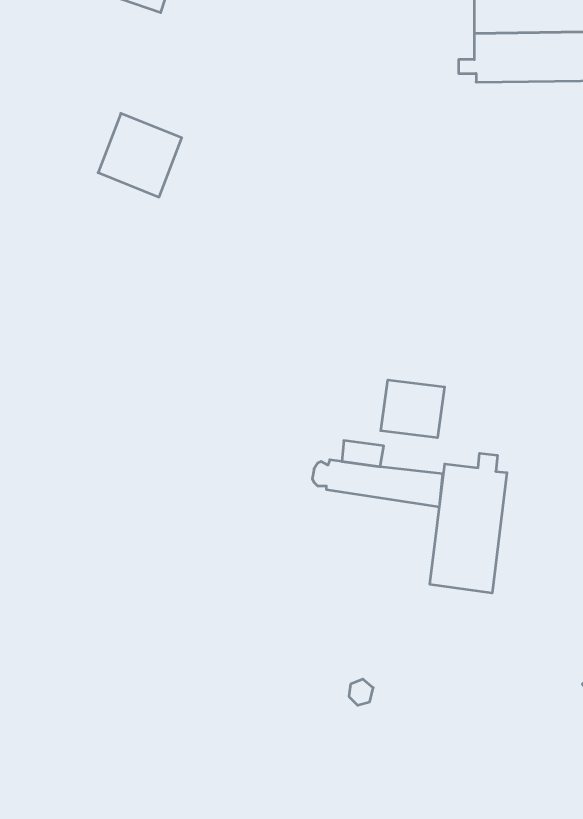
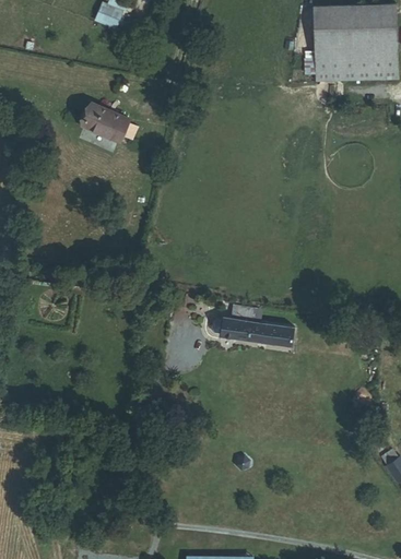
building: [381,380,445,438] -> none
building: [430,453,507,593] -> none

